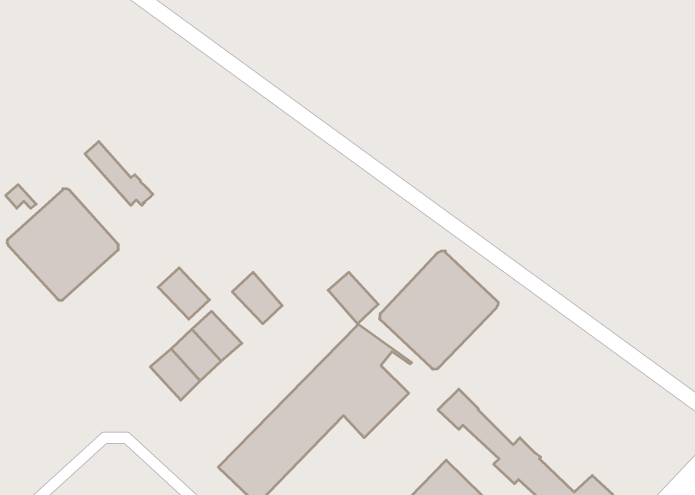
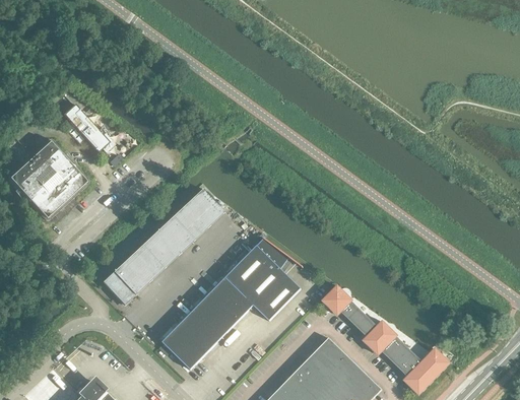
building: [380,251,498,369] -> none
building: [158,268,210,319] -> [156,215,194,253]
building: [328,272,378,324] -> [187,188,223,225]
building: none -> [101,270,134,305]

